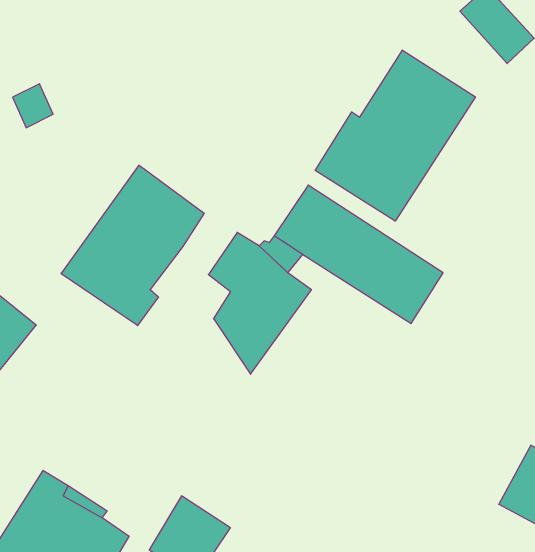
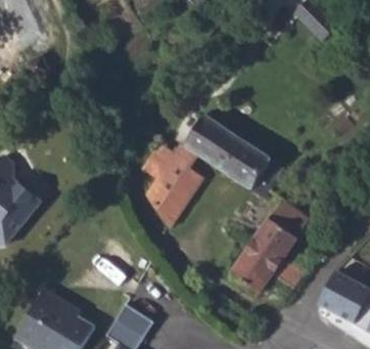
building: [315,50,475,221] -> none
building: [61,165,204,326] -> none
building: none -> [231,200,311,294]

